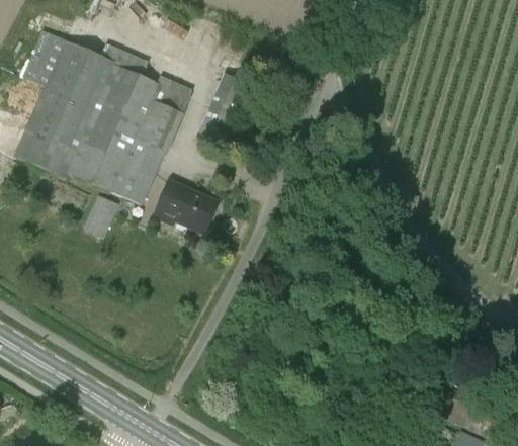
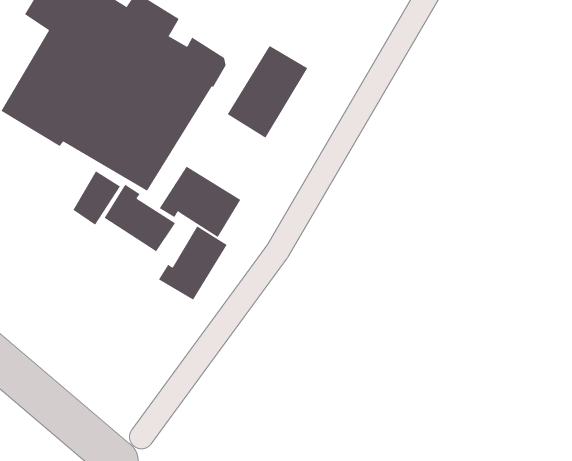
building: none -> [104,184,176,252]
building: none -> [158,225,227,300]

